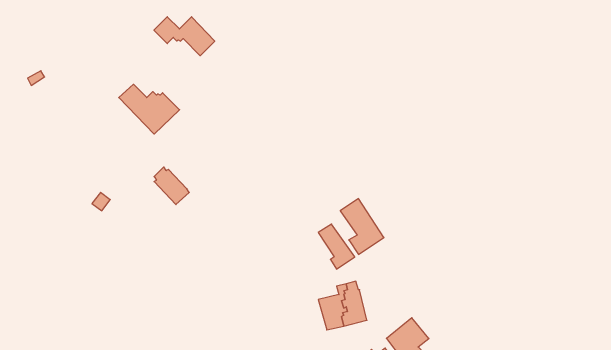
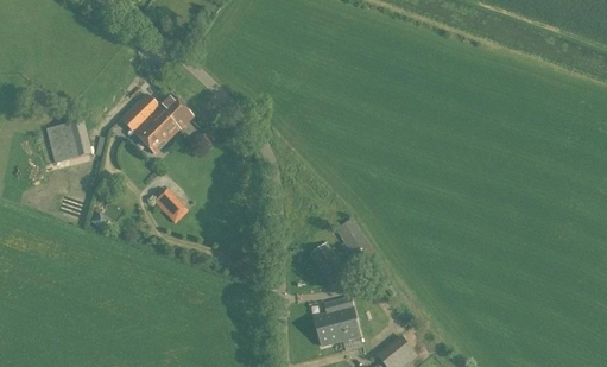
building: [154,17,215,56] -> [132,91,191,129]
building: none -> [46,119,89,162]

